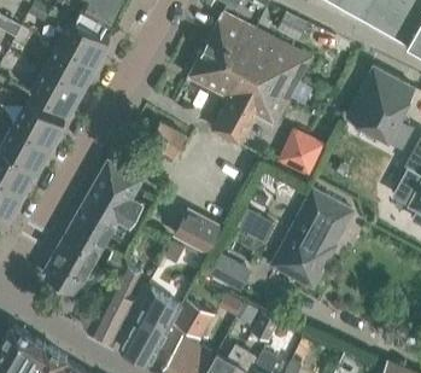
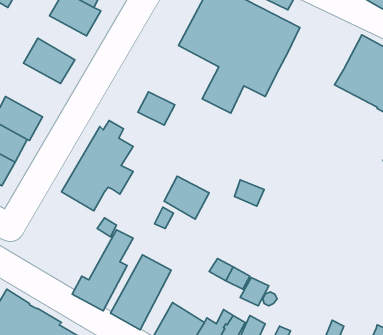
building: [46,47,95,92] -> none
building: [13,105,64,150] -> none
building: [286,134,326,177] -> none
building: [270,191,351,290] -> none
building: [43,226,103,299] -> none
building: [211,255,252,292] -> none
building: [173,302,212,339] -> none

